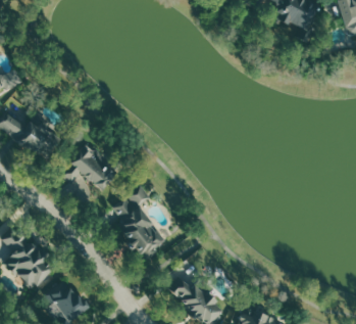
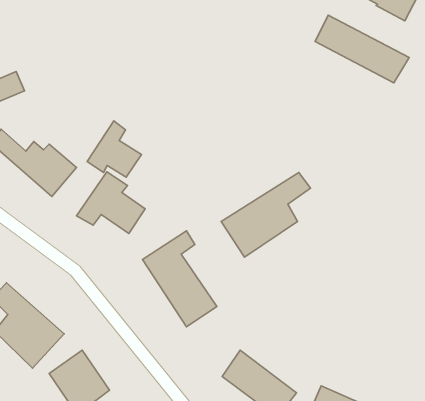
building: none -> [315,15,409,83]
building: none -> [87,121,141,177]
building: none -> [221,172,311,257]

